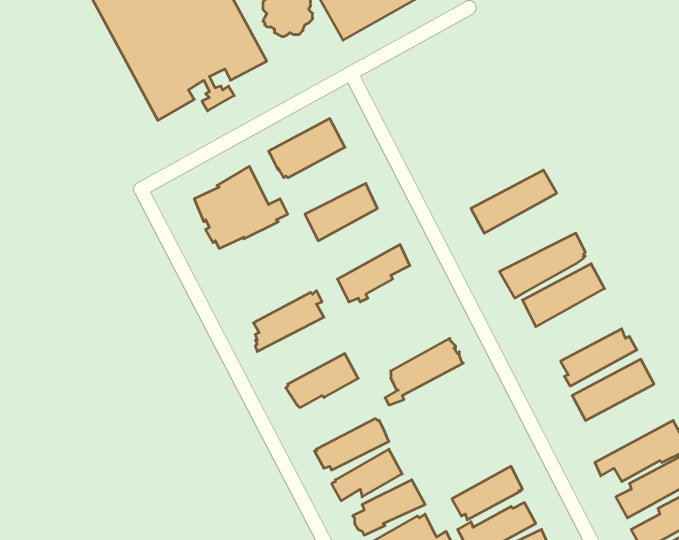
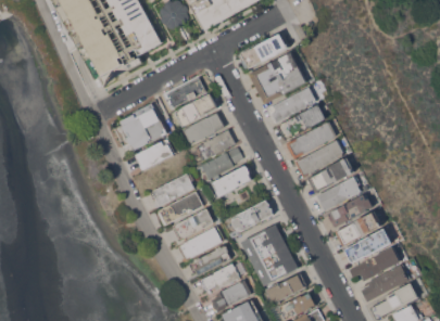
building: none -> [238,33,290,70]
building: none -> [249,52,307,105]
building: none -> [268,88,317,124]
building: none -> [175,94,217,127]
building: none -> [287,123,336,159]
building: none -> [198,130,236,159]
building: none -> [136,142,175,170]
building: none -> [213,166,253,197]
building: none -> [317,177,361,211]
building: none -> [158,192,203,227]
building: none -> [241,224,299,286]
building: none -> [178,227,224,261]
building: none -> [344,230,392,264]

